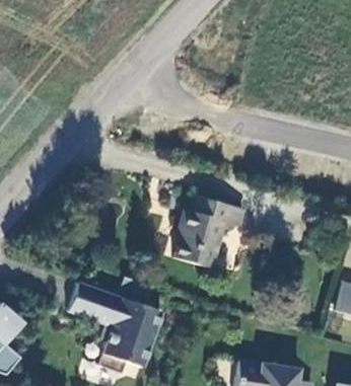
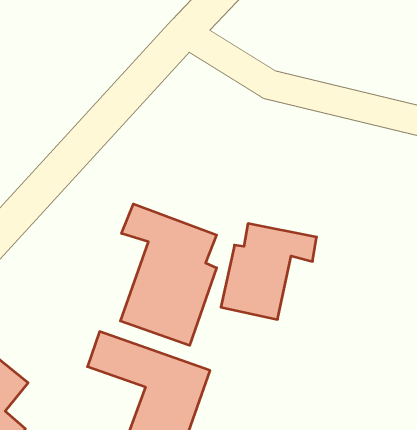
building: none -> [120,204,217,345]

